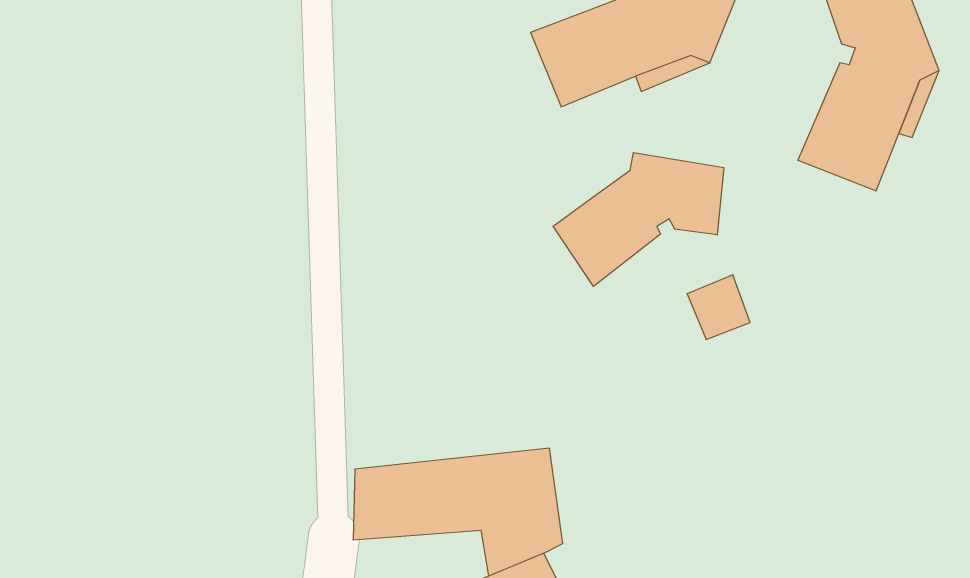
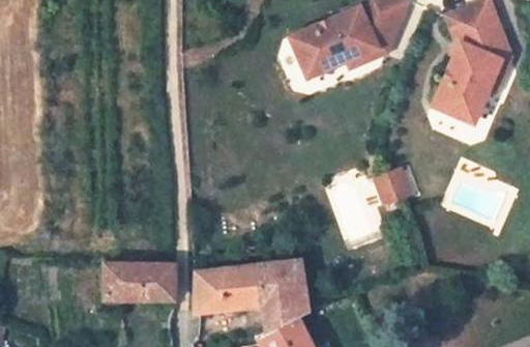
building: [553,153,724,286] -> none
building: none -> [105,264,173,300]

